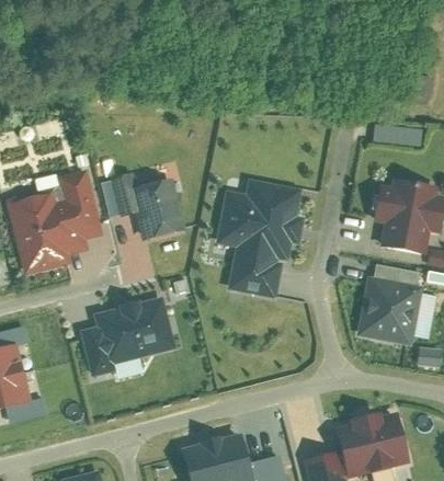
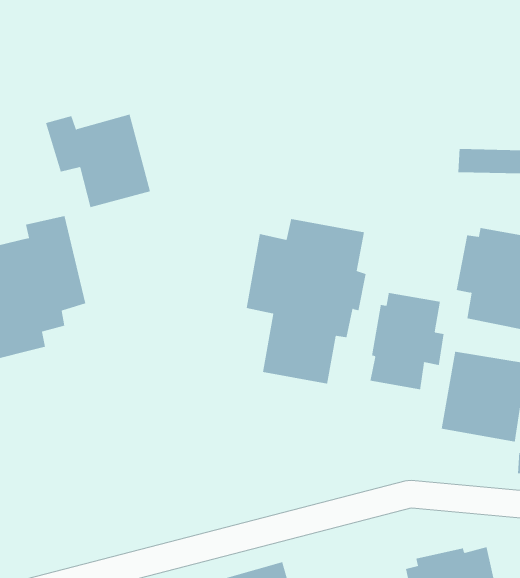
building: [107,181,185,250] -> [45,114,151,208]
building: none -> [370,292,444,390]
building: [79,294,178,376] -> none

